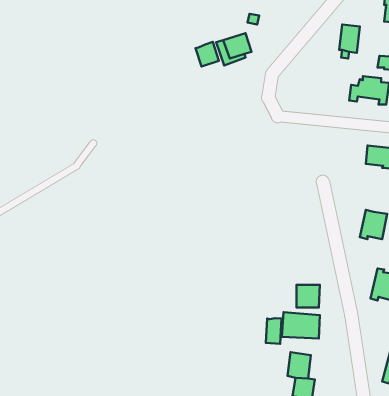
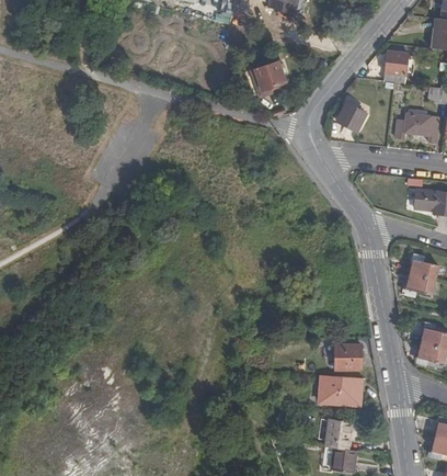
building: [195,42,219,66] -> none
building: none -> [335,102,366,131]
building: [266,318,282,344] -> none

